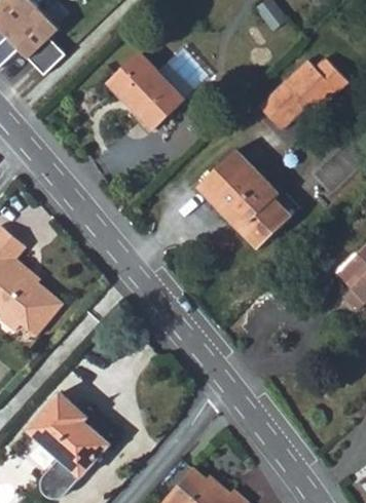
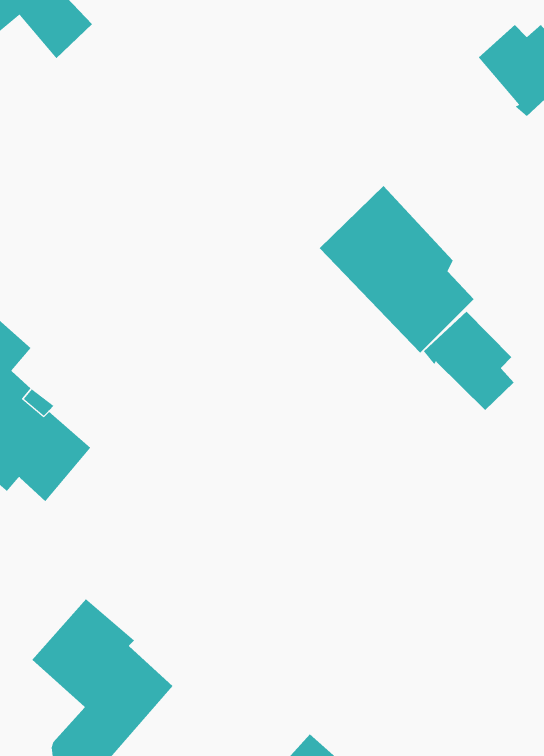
building: [108,50,185,127] -> none
building: [258,75,313,129] -> none
building: none -> [423,311,514,411]

